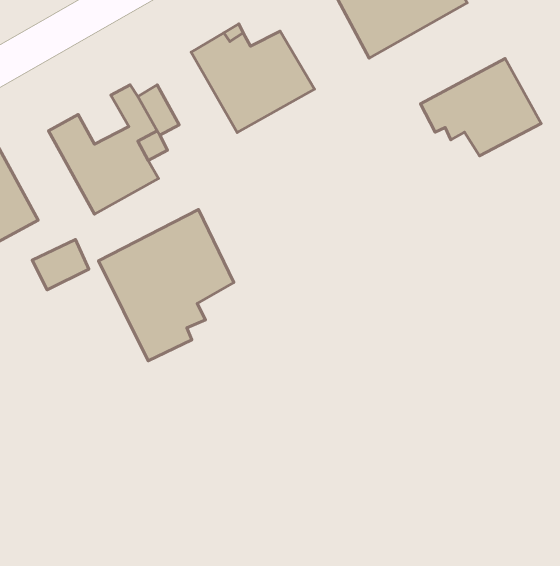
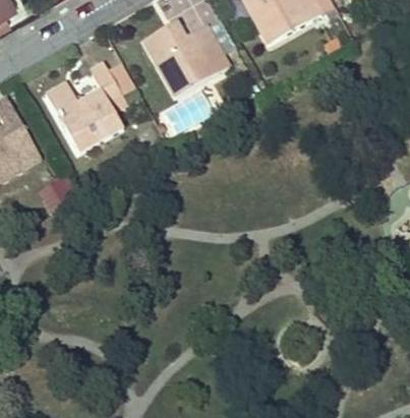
building: [421,58,541,156] -> none
building: [98,209,234,361] -> none

